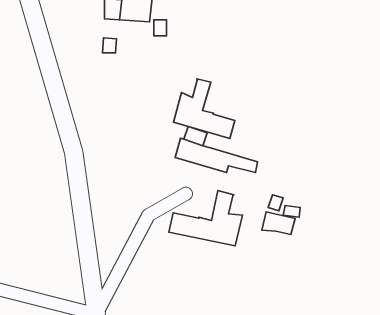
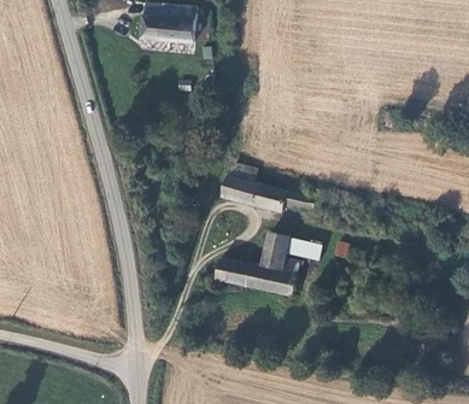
building: [174,79,235,139] -> none
building: [262,212,295,234] -> [281,238,318,263]

